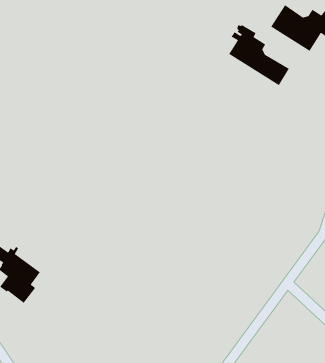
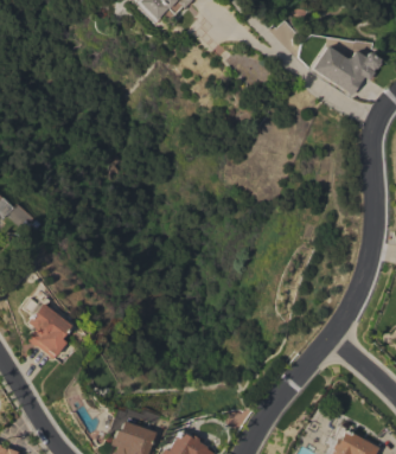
building: [228,24,290,86] -> none

